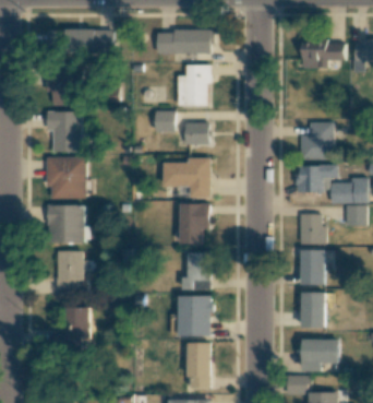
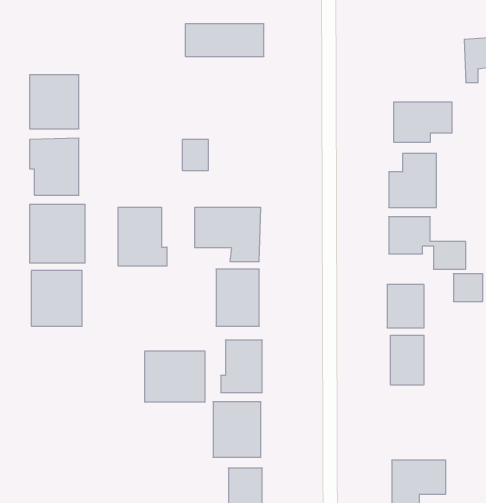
building: [46,29,113,54] -> none
building: [302,39,344,68] -> [394,102,452,142]
building: [178,64,209,105] -> none
building: [185,122,209,143] -> none
building: none -> [118,207,167,266]
building: [57,251,83,289] -> none
building: none -> [145,351,205,402]
building: [302,293,326,328] -> none
building: [48,308,89,352] -> none

